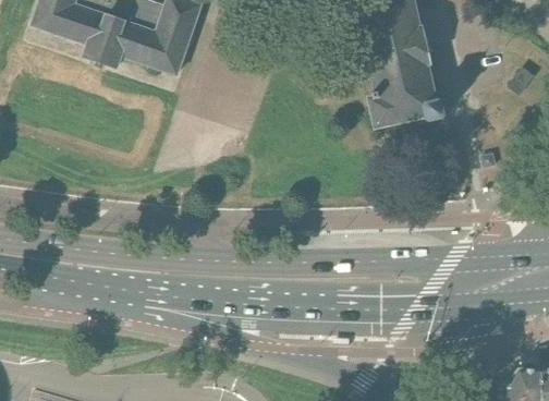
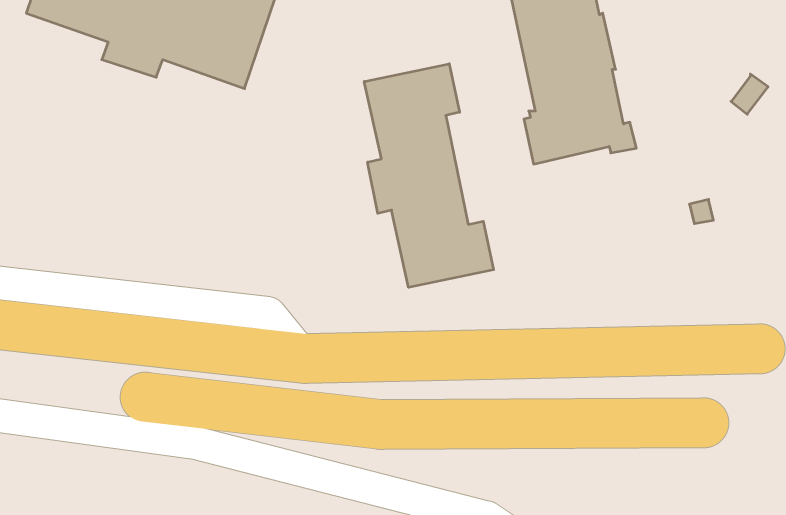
building: none -> [364,64,494,287]

